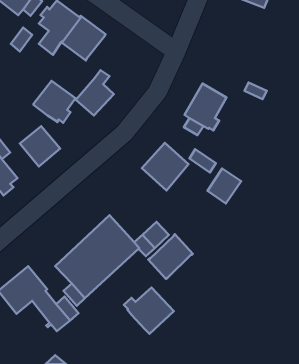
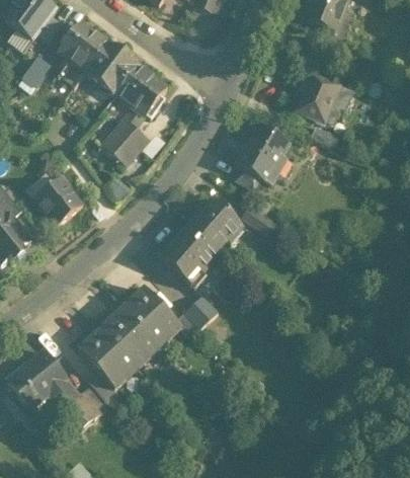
building: none -> [295,73,352,124]
building: [33,81,75,123] -> [116,66,168,117]
building: none -> [160,229,215,281]
building: [207,169,241,204] -> none
building: [148,234,193,279] -> none
building: [124,287,174,334] -> none

